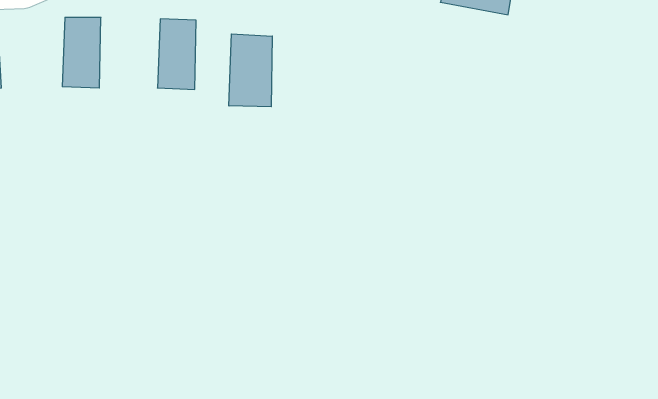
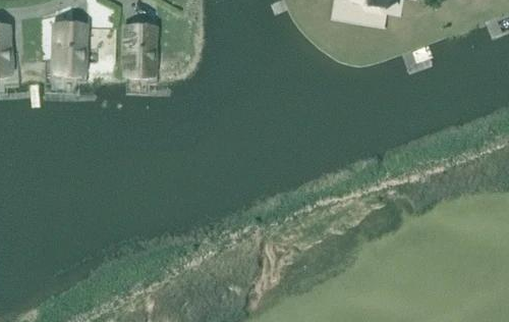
building: [229,34,272,107] -> none

